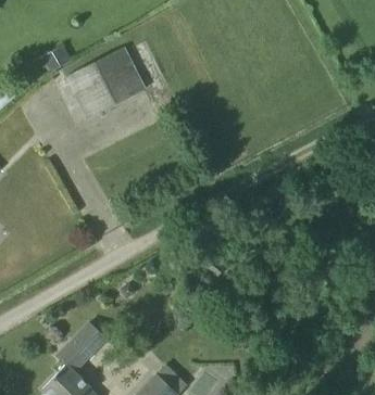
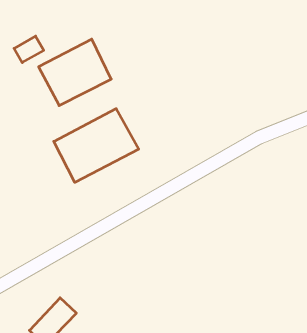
building: none -> [54,109,139,182]

